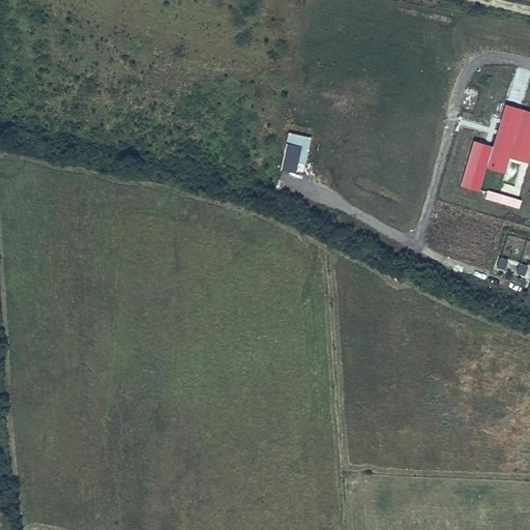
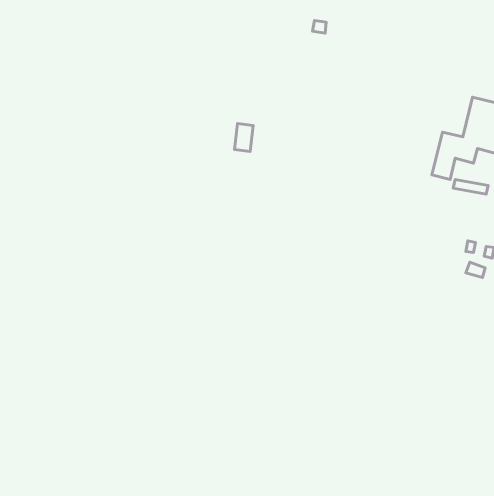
building: [283,142,302,172] -> [235,123,253,152]

